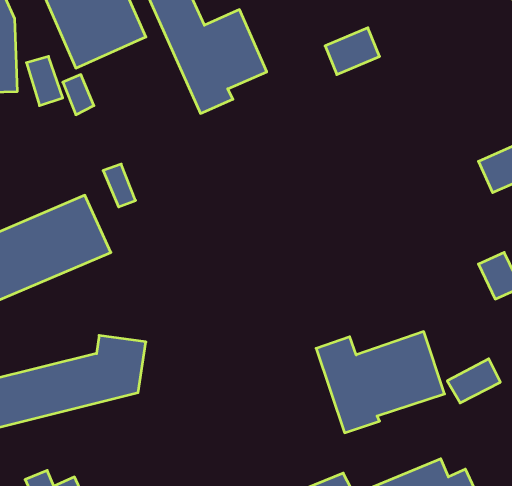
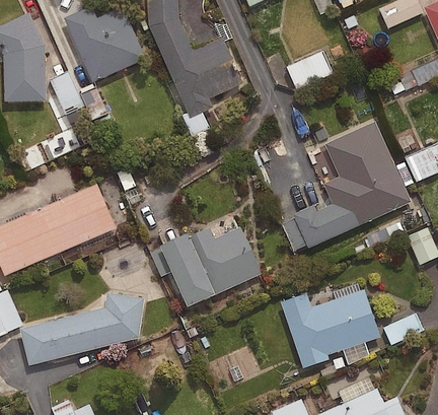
building: none -> [293,121,410,248]
building: none -> [159,226,262,308]

